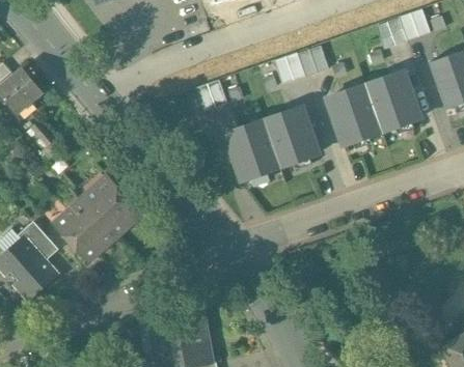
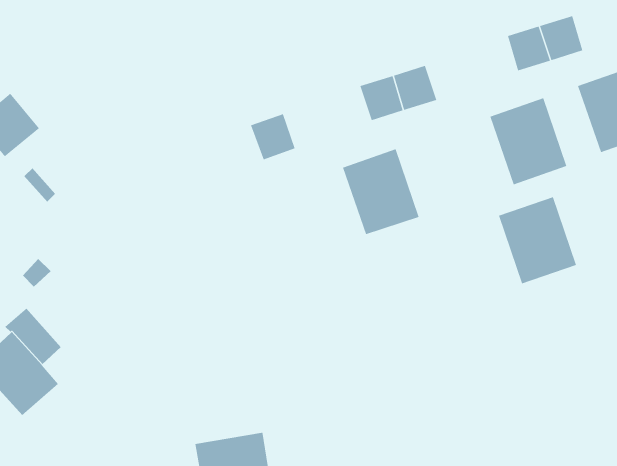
building: [324,85,380,147] -> [498,196,577,284]
building: [219,121,275,182] -> none
building: [56,176,143,262] -> none

